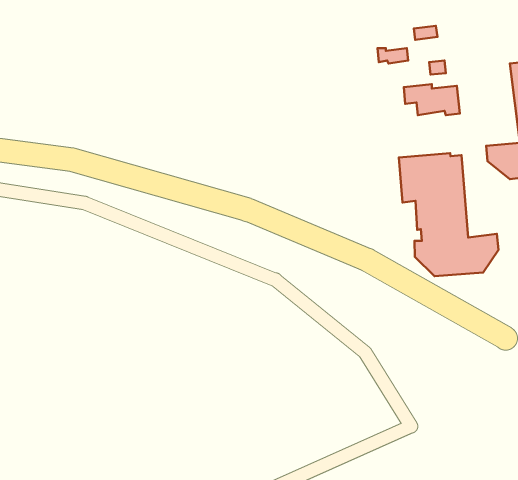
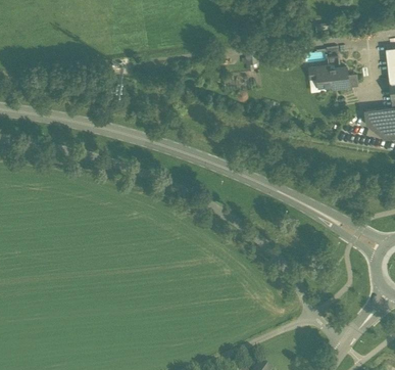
building: [399,153,499,276] -> none

